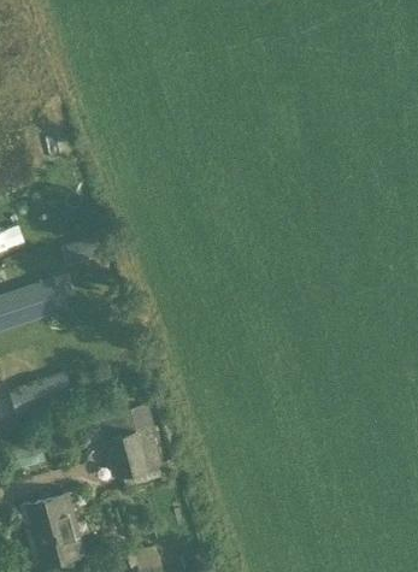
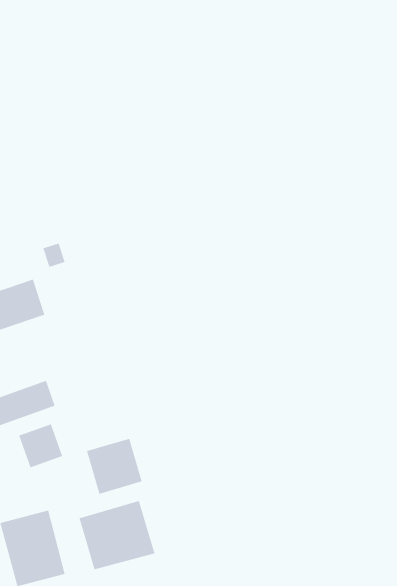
building: none -> [19,424,63,468]
building: none -> [79,500,155,570]

